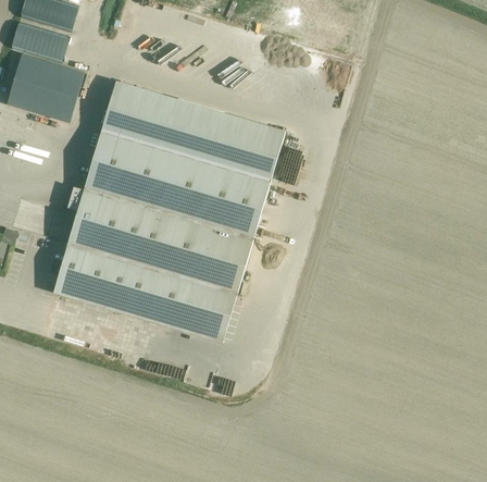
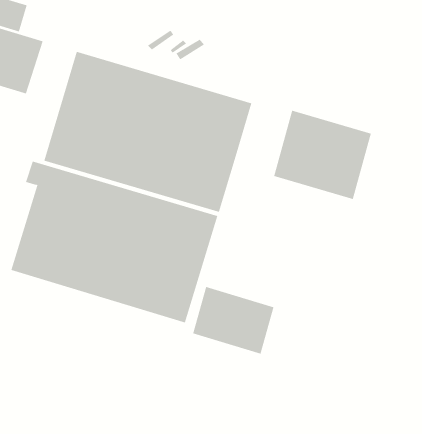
building: none -> [274,110,371,200]
building: none -> [192,286,274,354]

